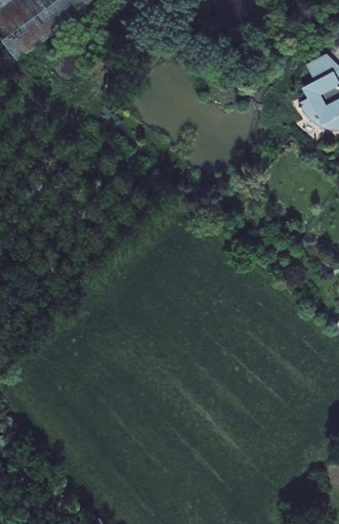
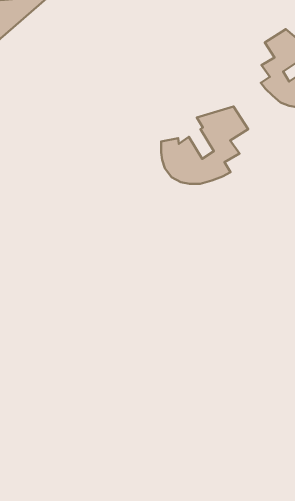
building: none -> [161,107,248,184]

